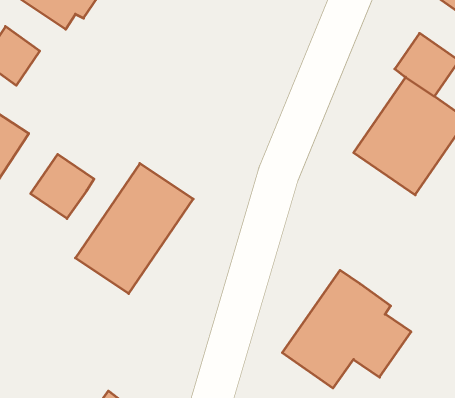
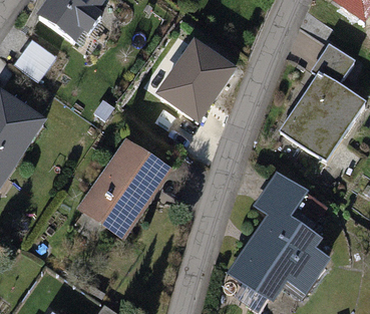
building: none -> [152,37,234,122]
building: [31,154,94,219] -> none
building: none -> [254,175,308,226]

